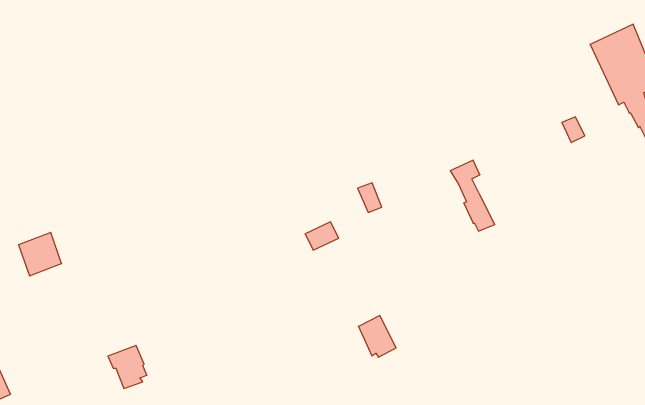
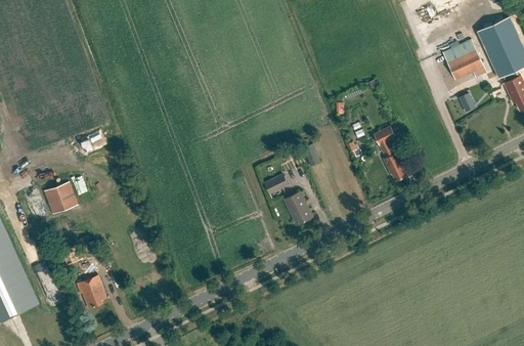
building: none -> [442,39,484,81]
building: [358,316,396,357] -> [283,191,312,223]
building: [108,345,147,388] -> [76,275,105,308]

